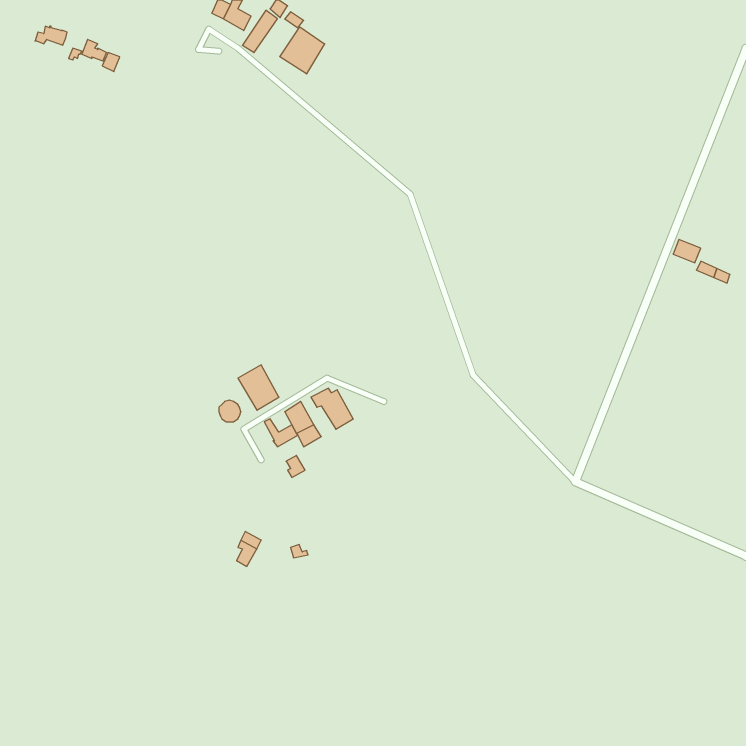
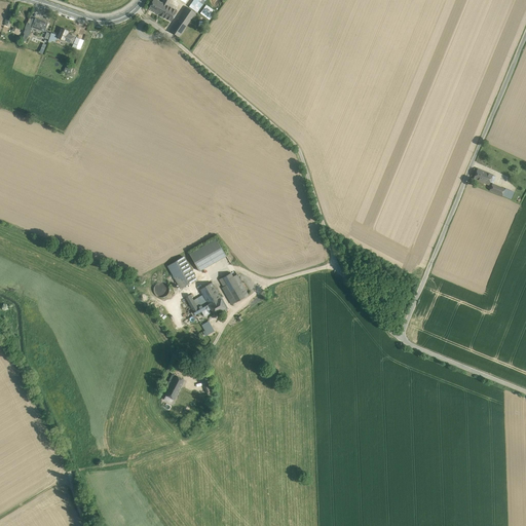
building: [280,27,325,74] -> none
building: none -> [188,239,224,270]

